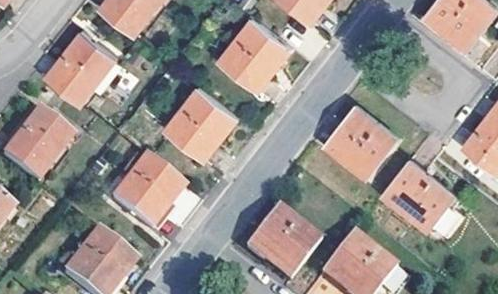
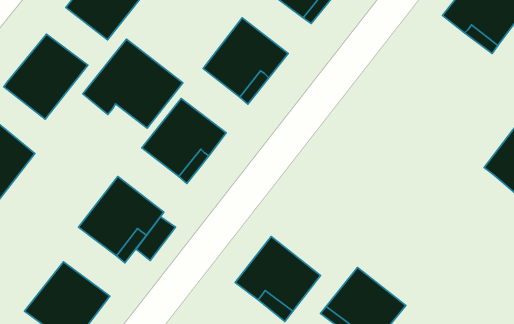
building: none -> [83,39,183,128]
building: [323,106,398,179] -> none
building: [381,161,456,232] -> none

